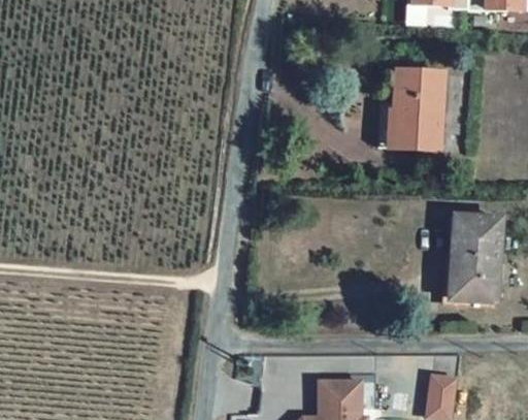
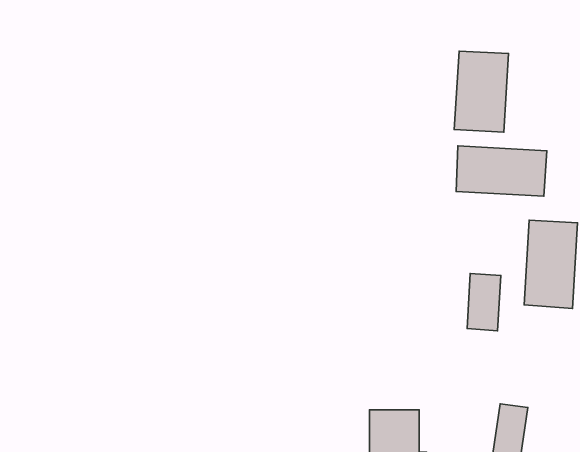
building: none -> [456,146,547,196]
building: none -> [467,273,501,331]

